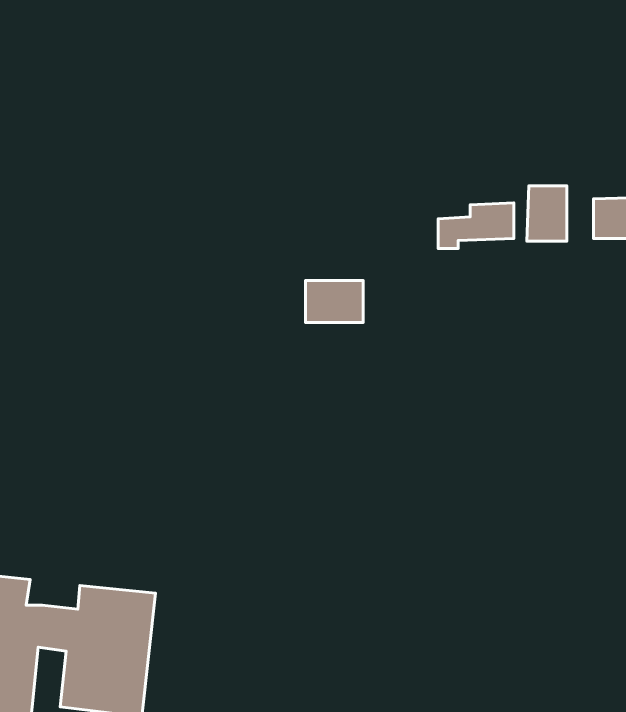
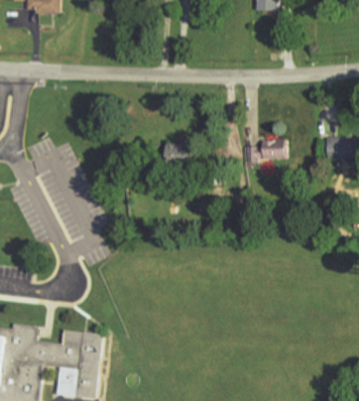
building: [527,186,567,241] -> none
building: [306,281,363,322] -> [163,142,193,163]

